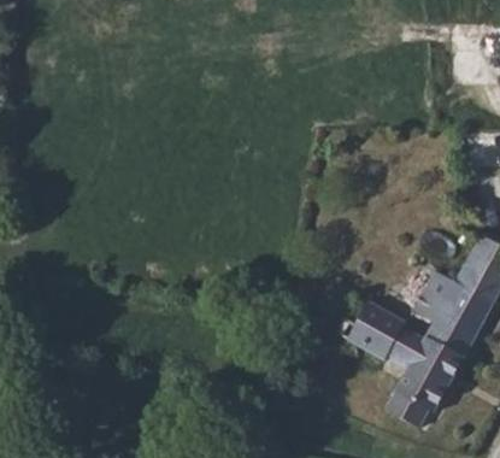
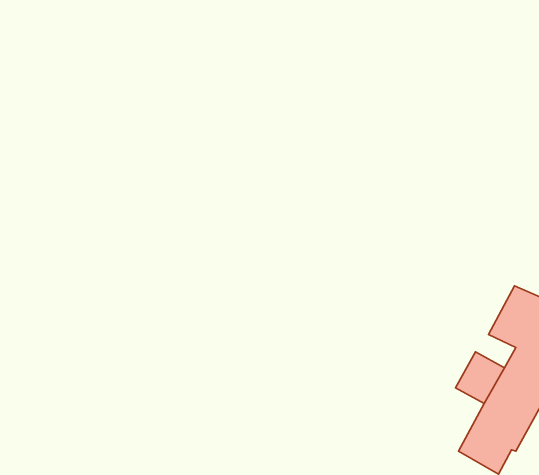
building: [331,303,402,359] -> none

